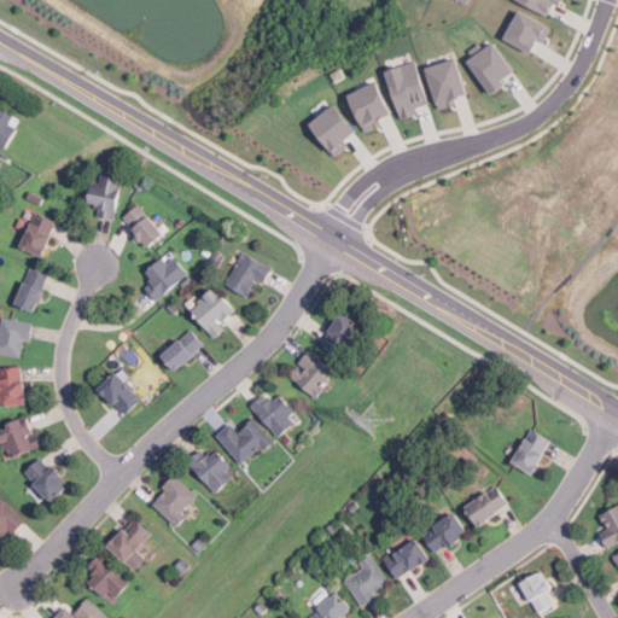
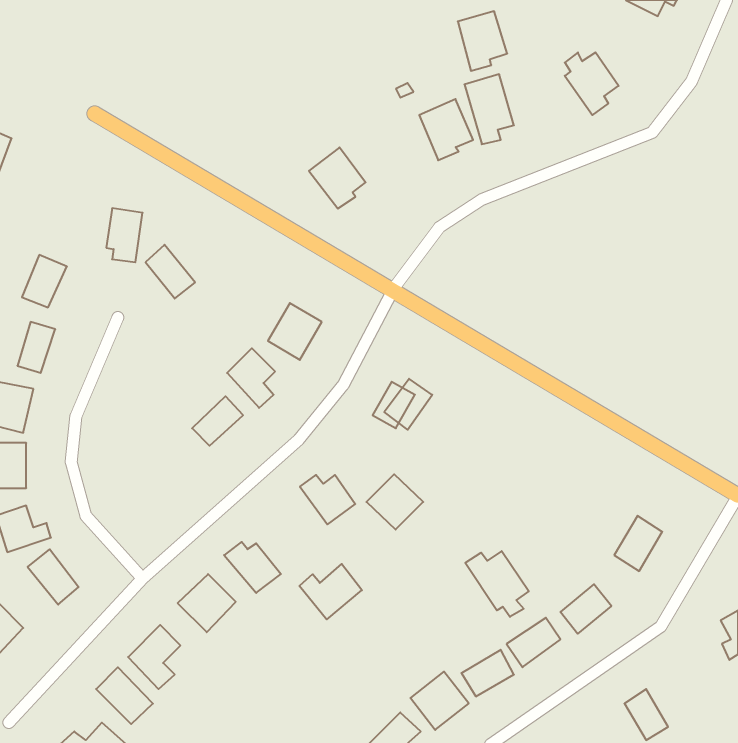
building: [505,12,550,54] -> none
building: [426,62,467,111] -> [458,11,507,71]
building: [309,106,356,157] -> [309,147,366,209]
building: [142,257,185,301] -> none
building: [286,351,333,397] -> [366,474,423,530]
building: [97,372,140,416] -> none
building: [216,419,268,465] -> [299,564,362,619]
building: none -> [465,551,529,617]

